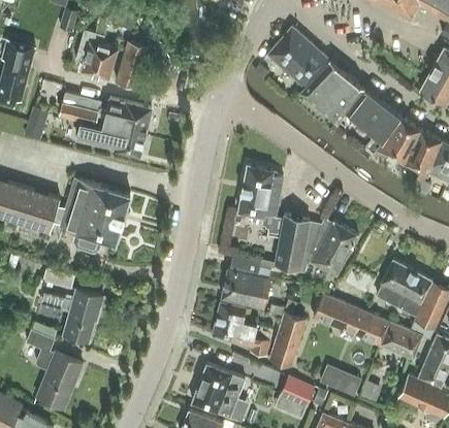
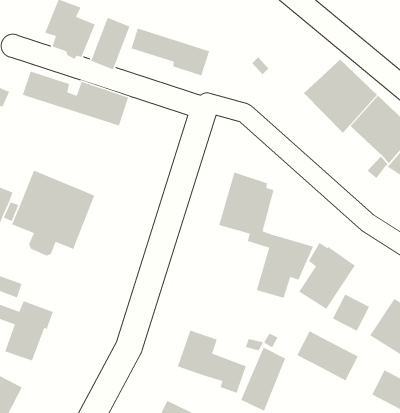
building: [268,28,329,88] -> none
building: [77,121,146,158] -> [131,28,210,77]
building: [221,256,270,308] -> none
building: [358,314,390,345] -> [332,293,370,332]

